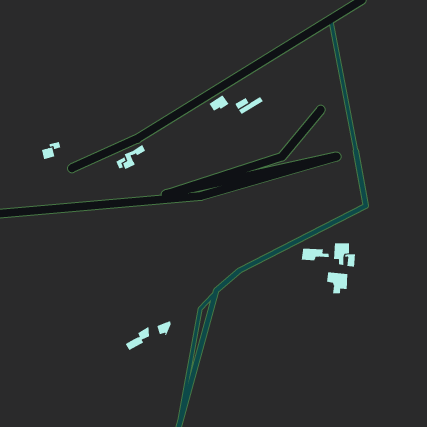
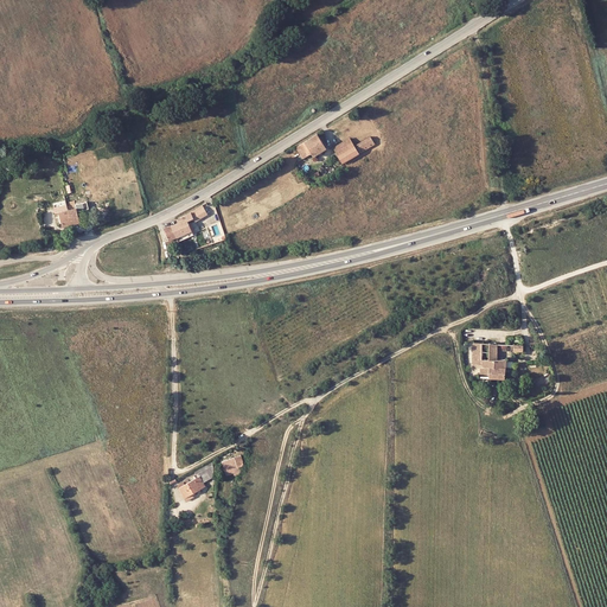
building: [301,248,329,261] -> none
building: [326,272,348,294] -> none

